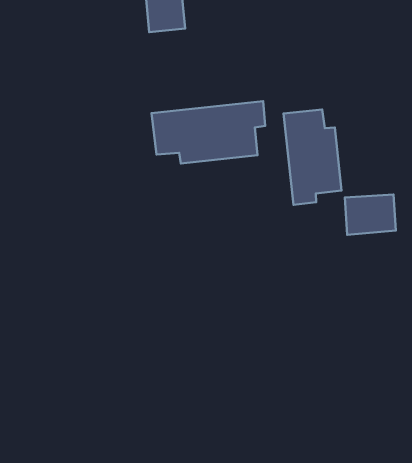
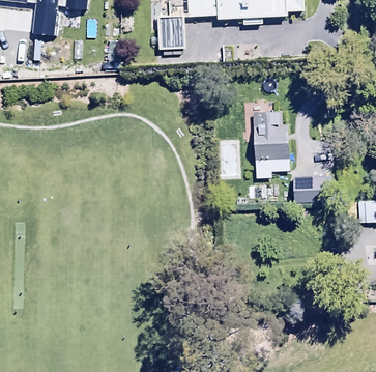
building: [151,101,265,163] -> none

